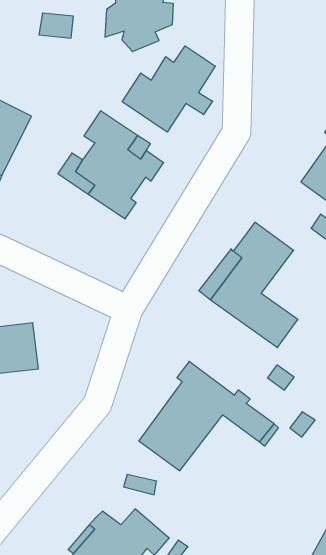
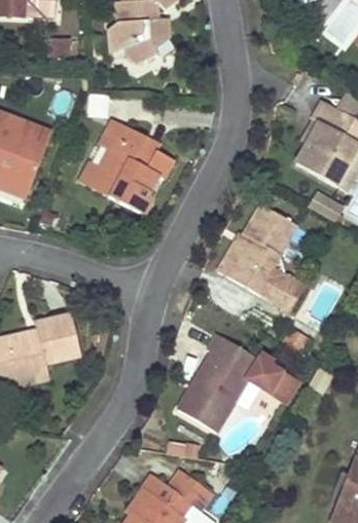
building: [122,46,215,132] -> none

